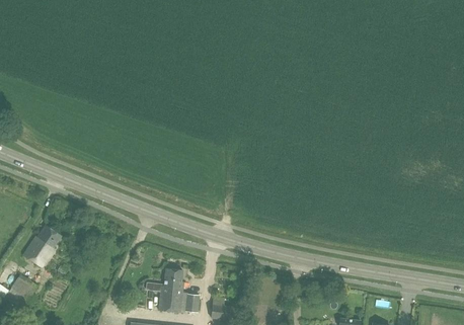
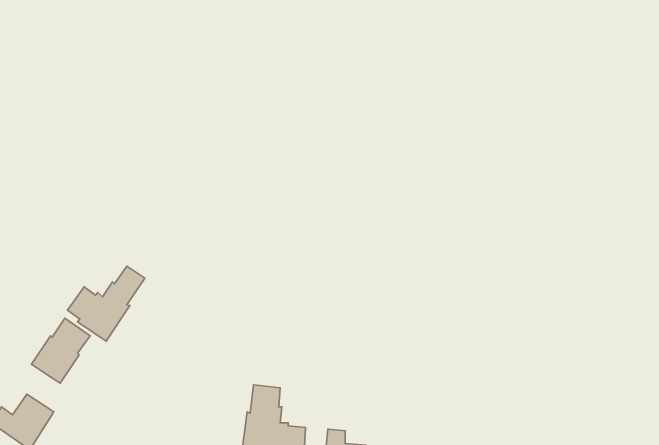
building: none -> [67,266,145,341]

